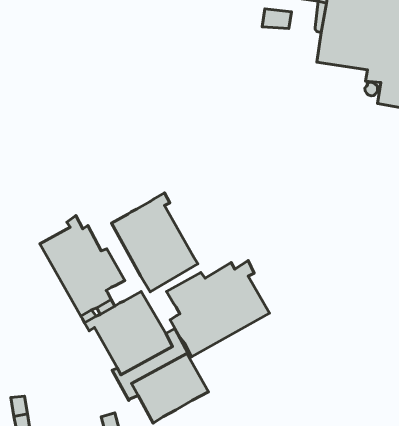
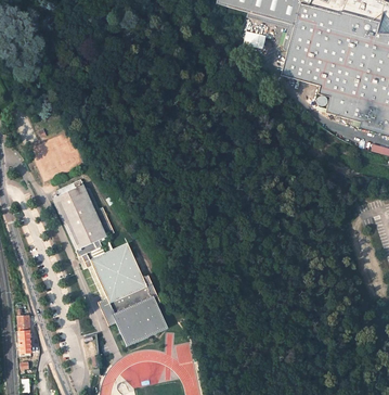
building: [112,193,198,292] -> none
building: [167,261,270,357] -> none

